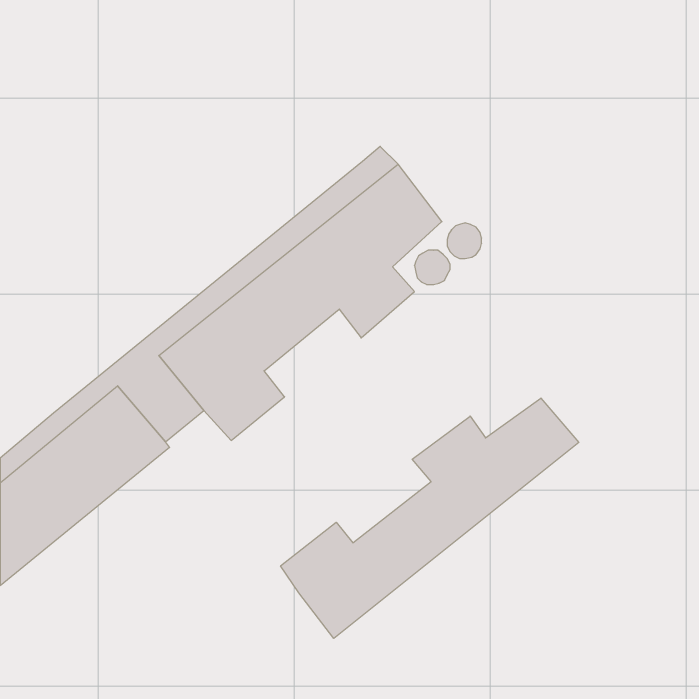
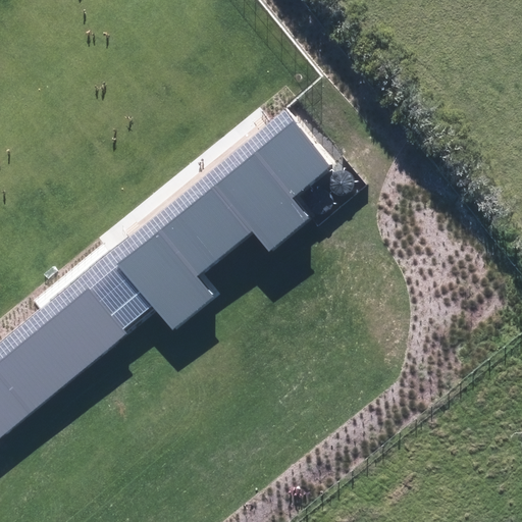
building: [281,398,579,638] -> none

